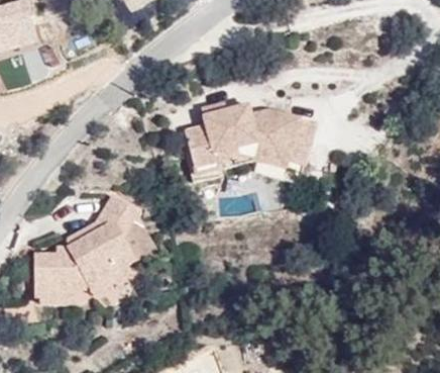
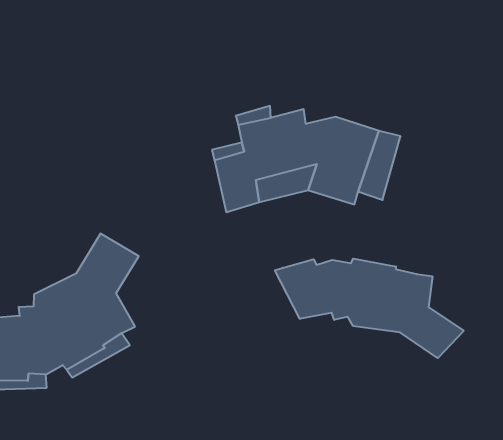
building: none -> [275,259,464,358]

